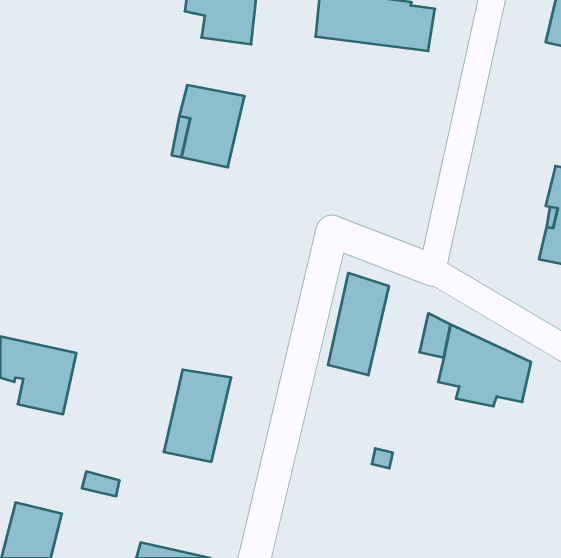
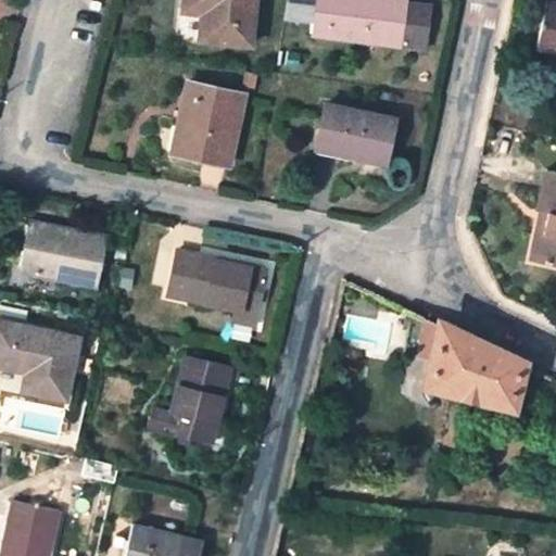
building: none -> [317,104,395,166]
building: none -> [15,226,103,292]
building: none -> [166,256,264,320]
building: [328,273,389,375] -> none

